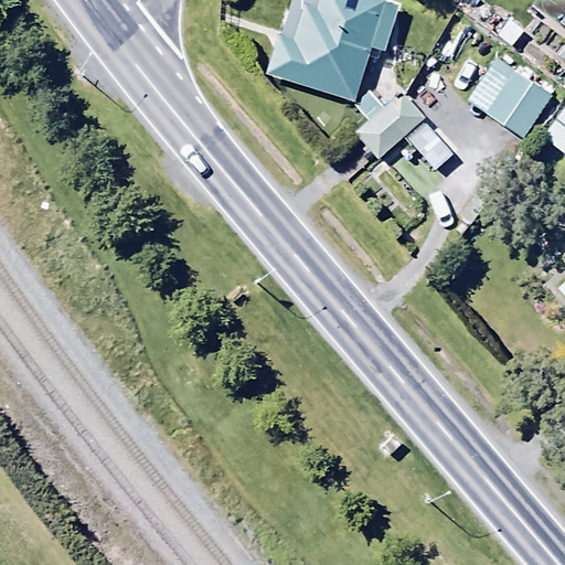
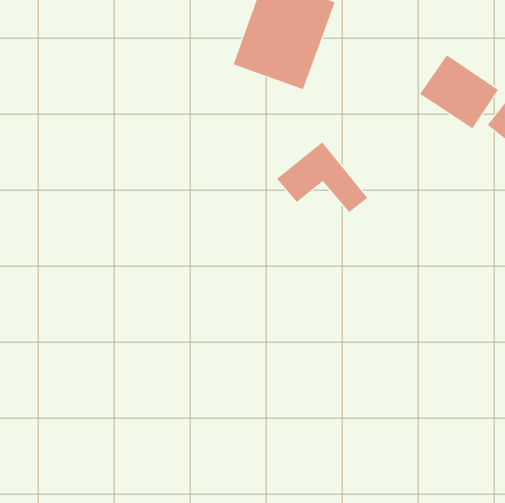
building: [358,93,458,171] -> [276,141,368,213]

